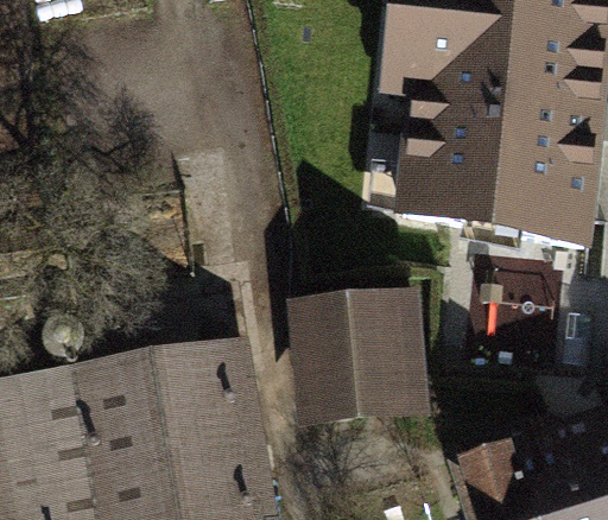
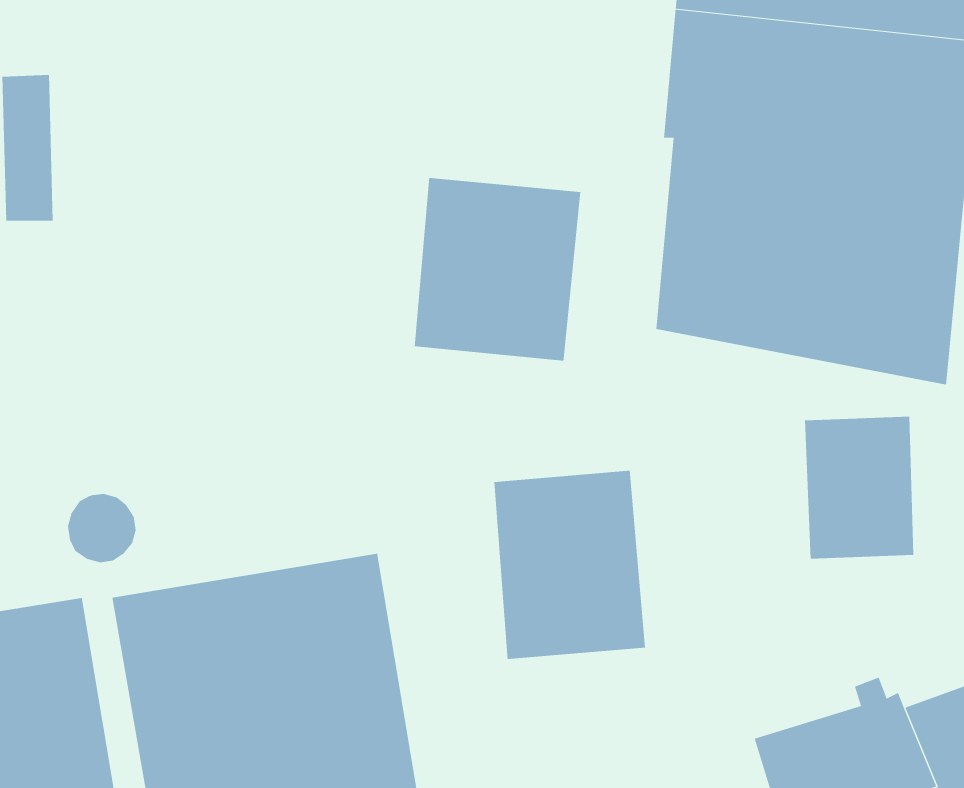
building: none -> [414,177,581,361]

